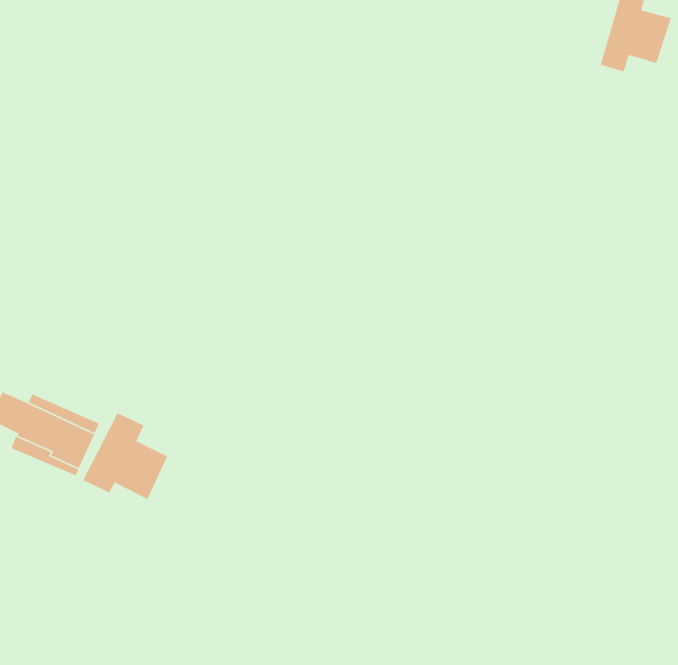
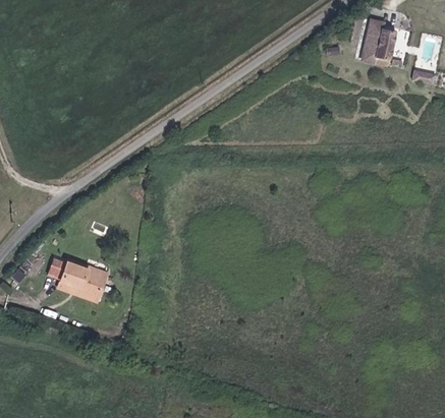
building: [82,412,168,500] -> none

